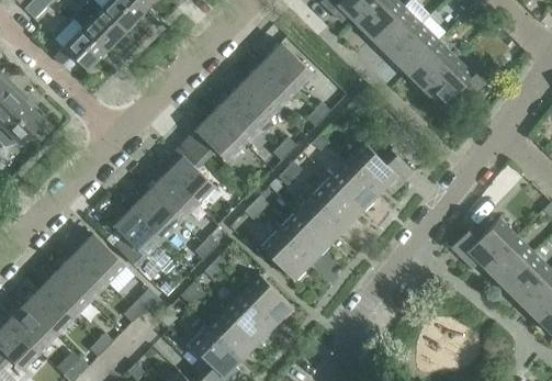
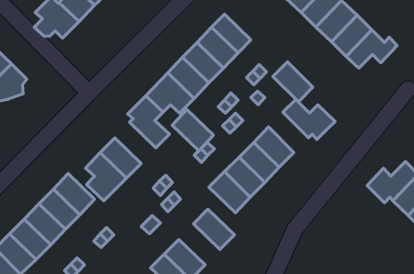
building: [333,159,381,208] -> [273,62,313,102]
building: [148,171,198,221] -> [172,110,213,151]
building: [225,293,274,343] -> none

